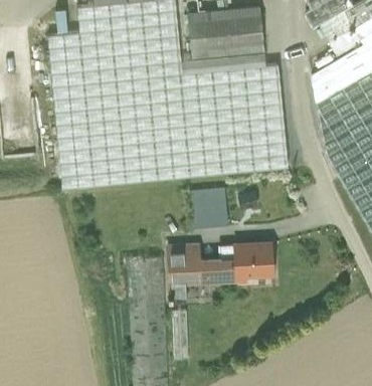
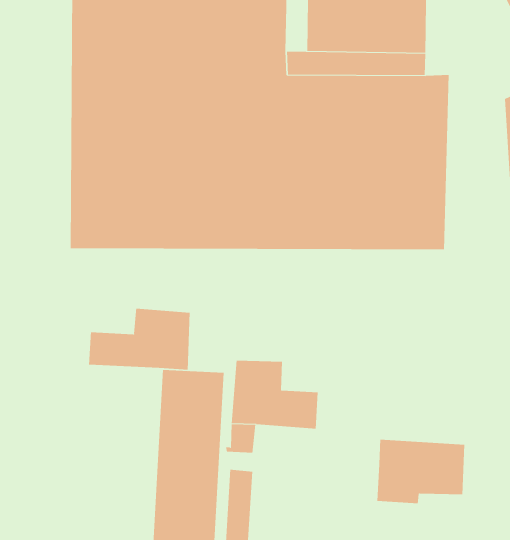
building: [187,190,221,228] -> none
building: none -> [89,308,190,371]
building: [219,243,272,282] -> [376,439,465,504]

